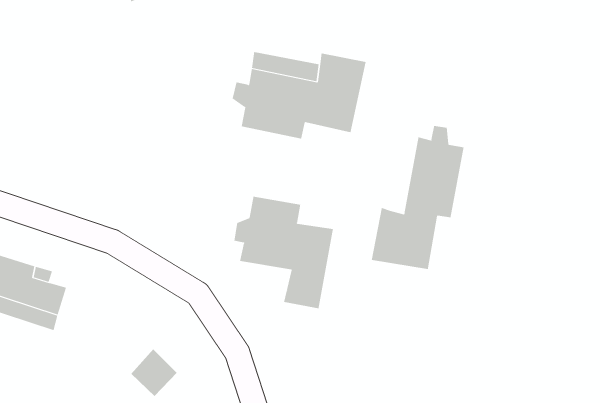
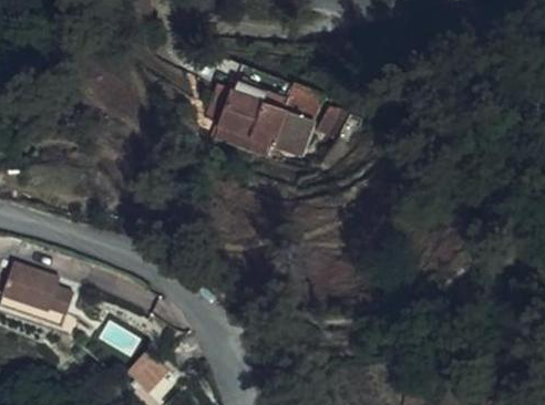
building: [371,125,464,270] -> none
building: [234,196,333,309] -> none

